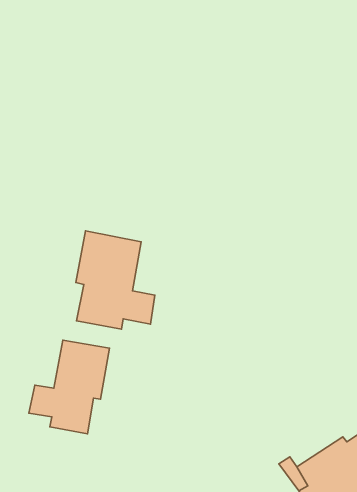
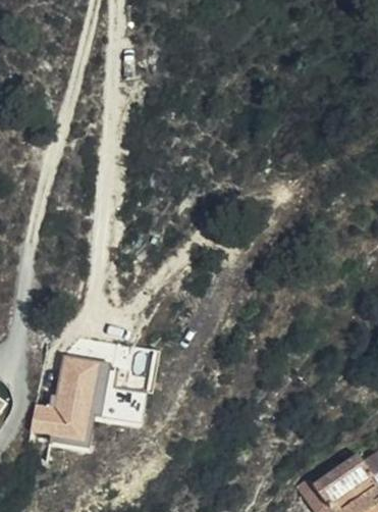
building: [76,231,155,329] -> none

